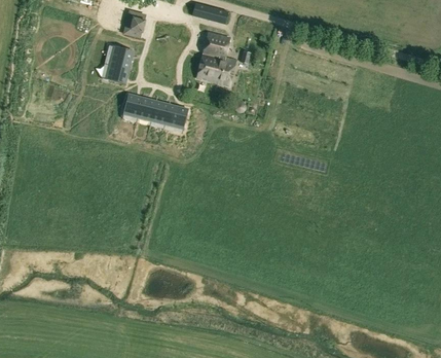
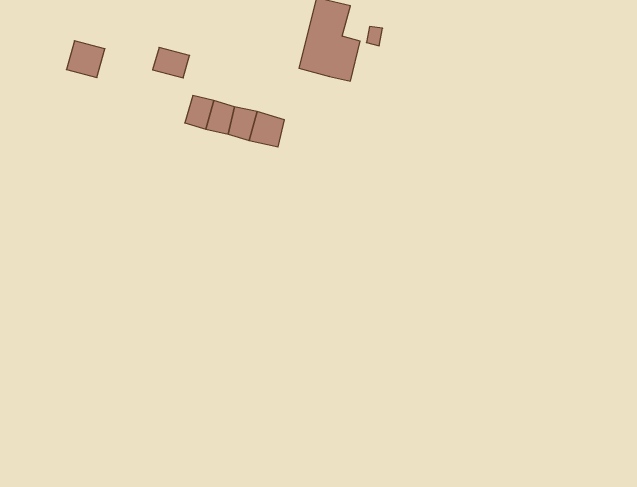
building: [107,45,132,69] -> [66,41,105,78]

